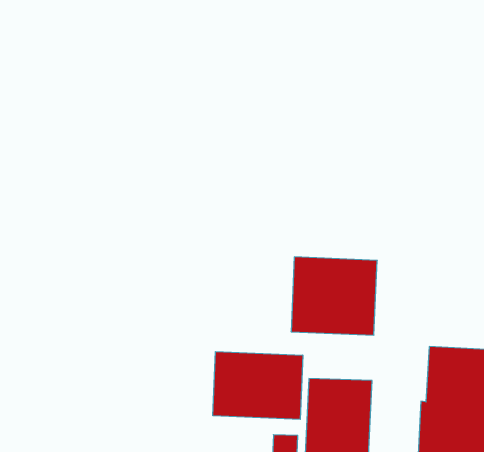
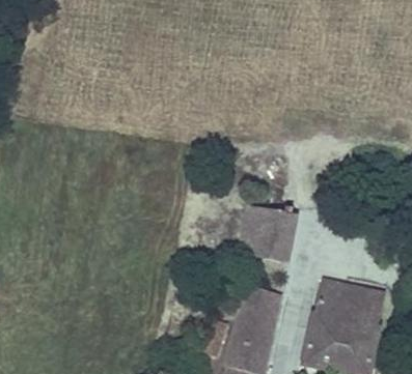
building: [213,352,303,419] -> none

